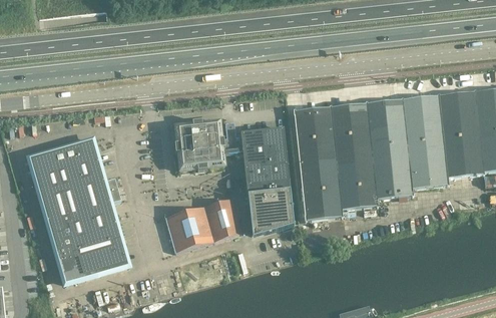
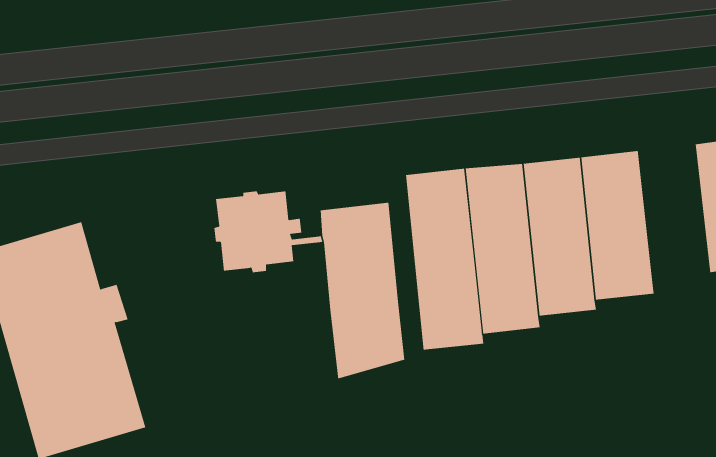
building: [439,90,483,177] -> none
building: [165,197,242,251] -> none

